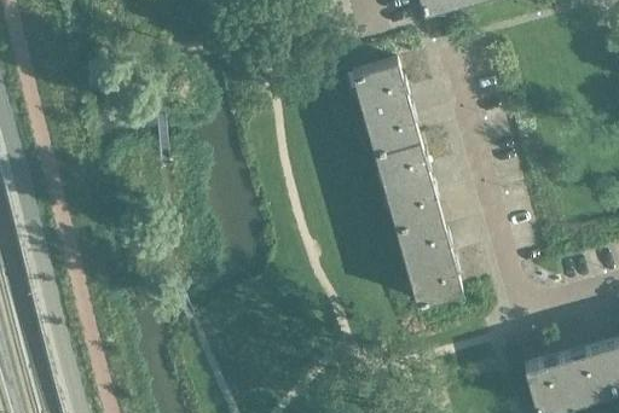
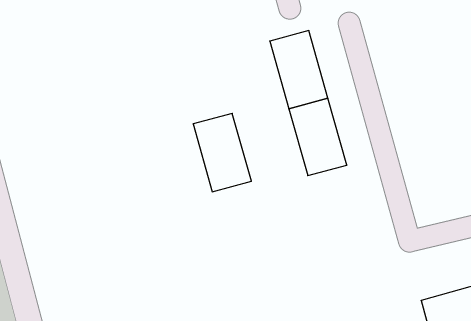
building: [394,211,461,301] -> [193,113,251,192]

